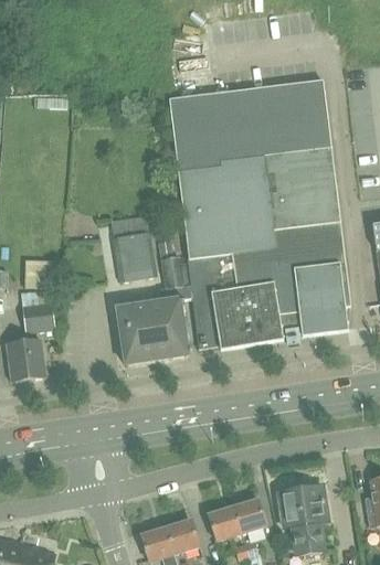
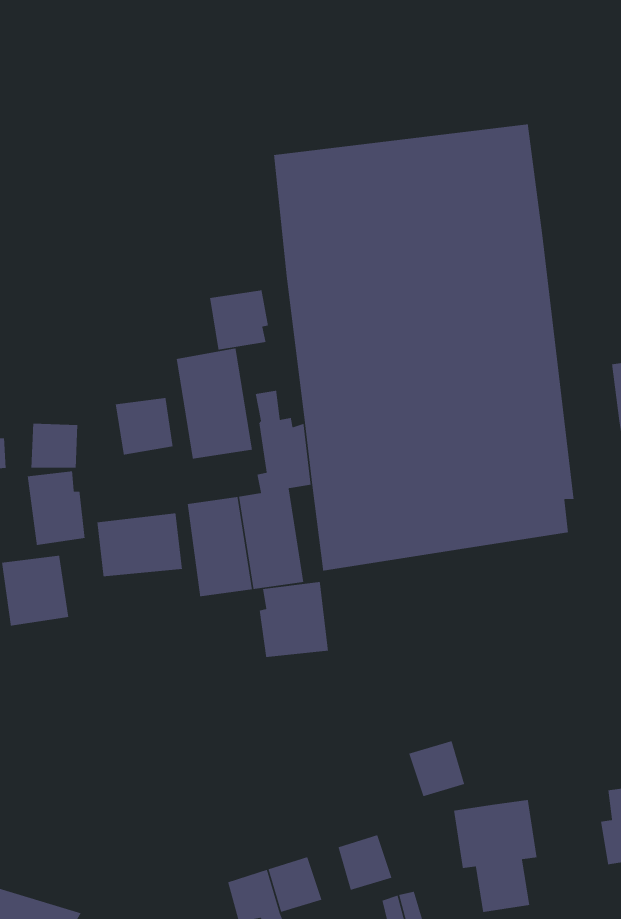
building: none -> [209,290,269,351]
building: none -> [115,397,174,456]
building: none -> [97,513,183,577]
building: none -> [259,581,329,658]
building: [232,499,266,533] -> [408,740,465,797]

